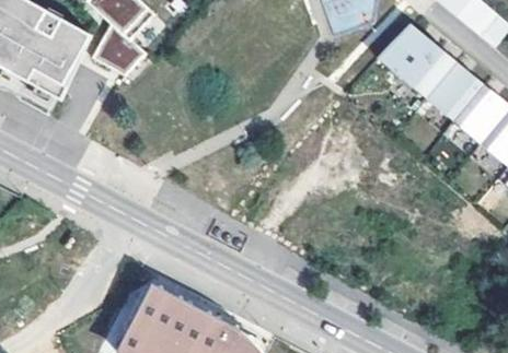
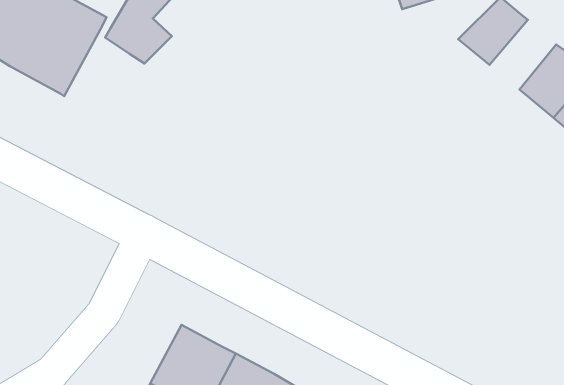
building: [401,40,454,96] -> none

